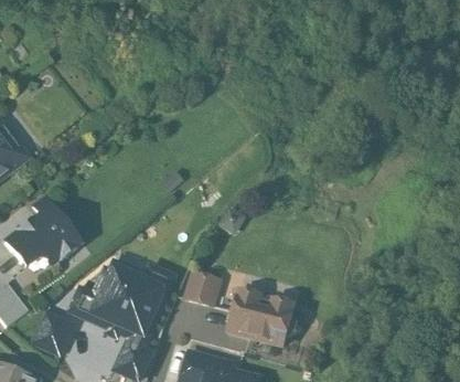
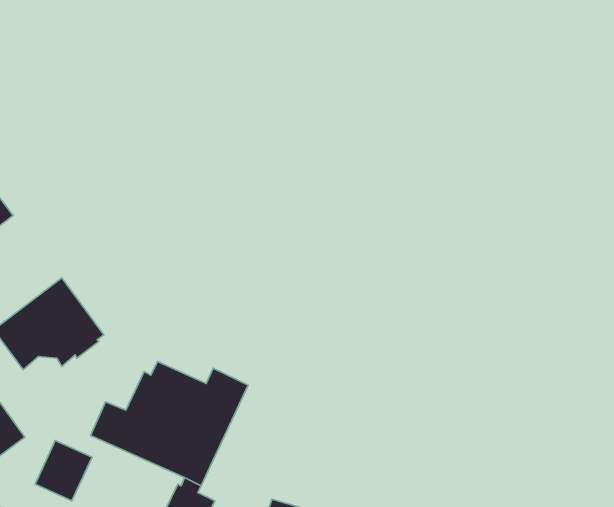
building: [186,272,221,305] -> none
building: [228,290,299,347] -> none

